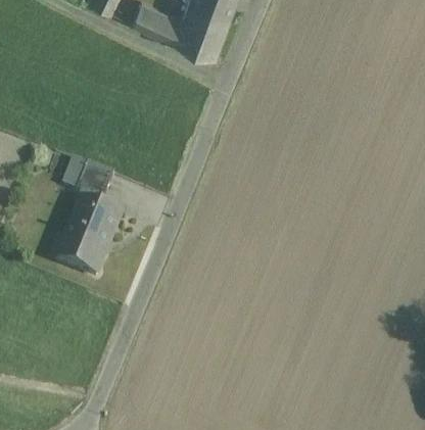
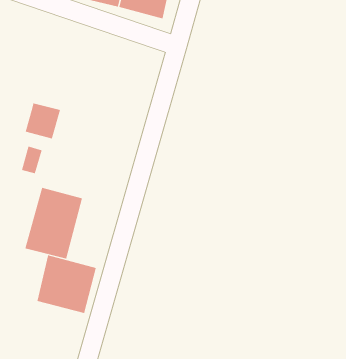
building: [75,162,111,199] -> [25,103,61,139]
building: none -> [37,254,97,314]

